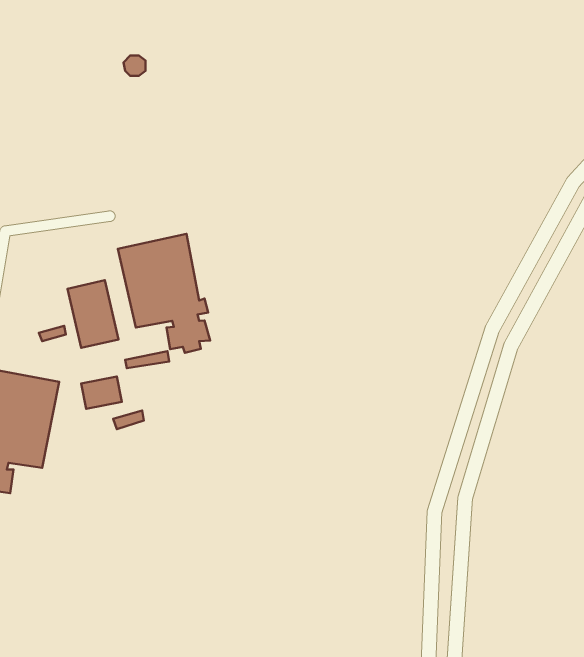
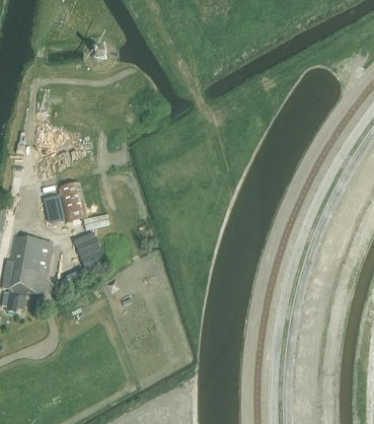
building: [118,234,210,353] -> none

